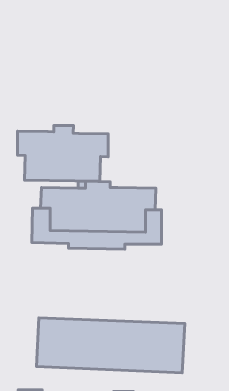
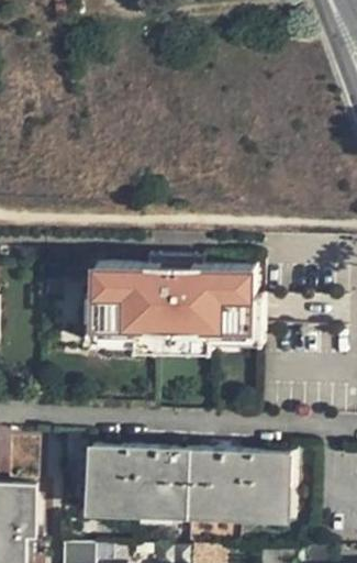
building: [18,125,108,181] -> none

